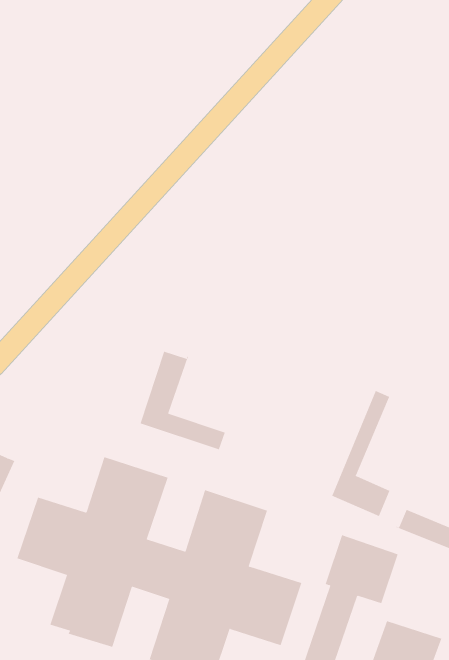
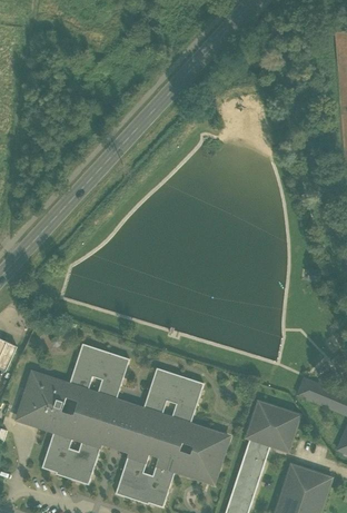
building: [140,351,225,450] -> none
building: [331,390,391,517] -> none

